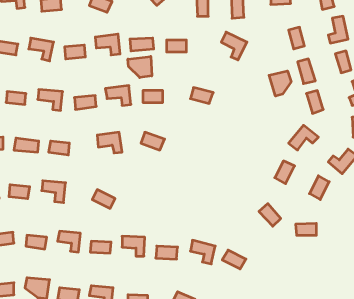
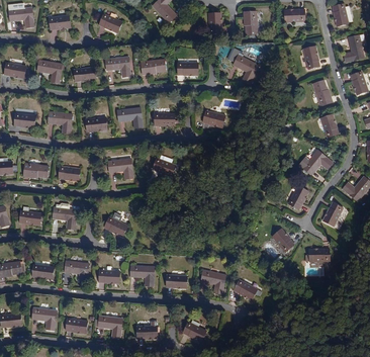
building: [128,56,152,78] -> none
building: [269,71,291,96] -> none

